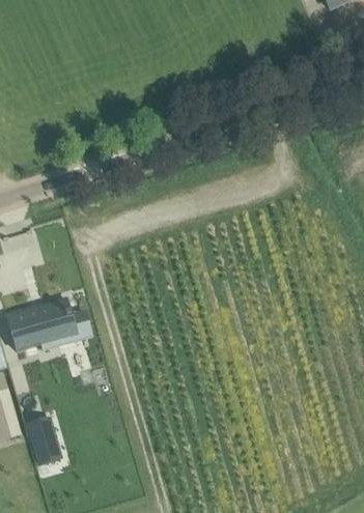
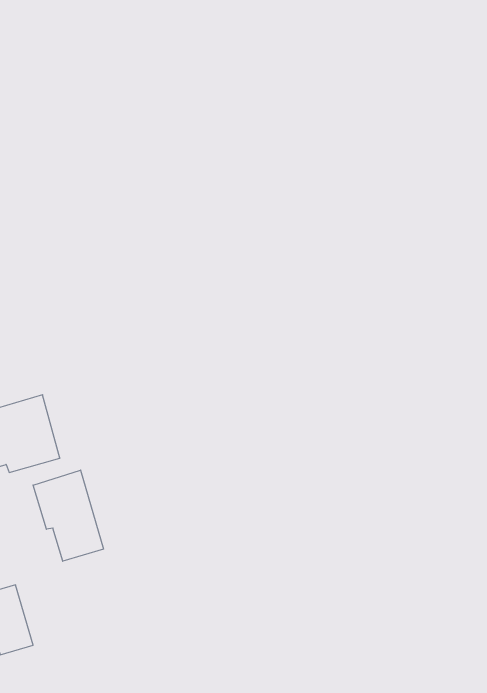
building: none -> [33,470,104,561]

